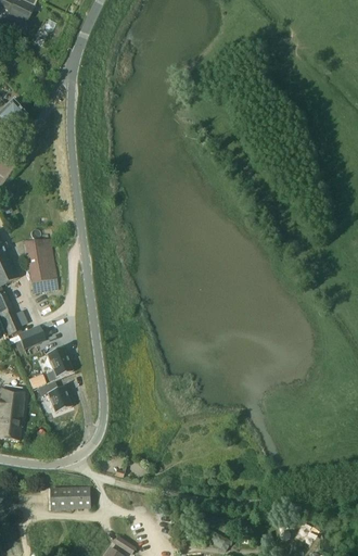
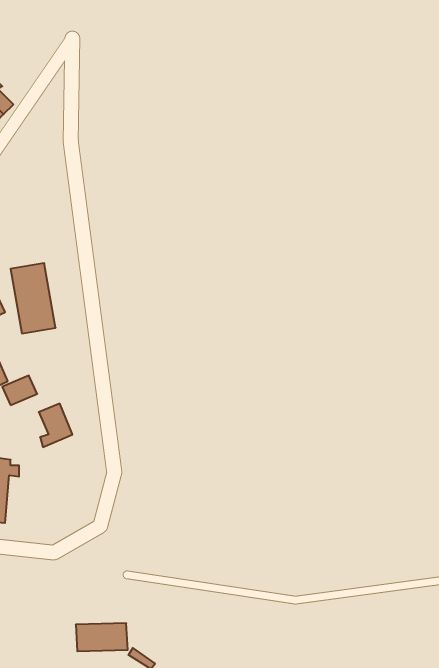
building: [38,381,72,413] -> none
building: [51,486,91,508] -> [76,623,128,651]

